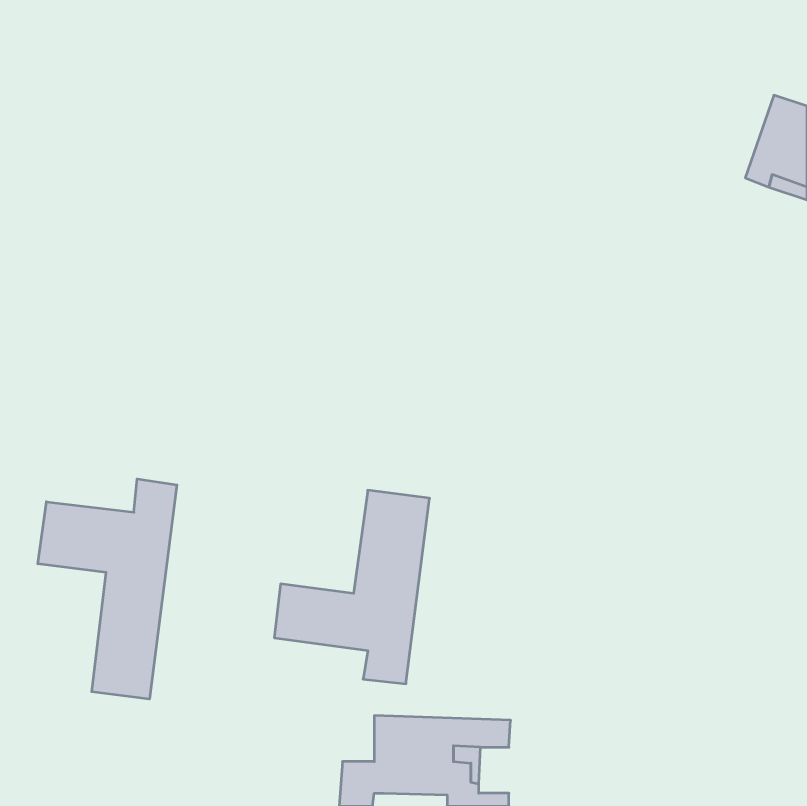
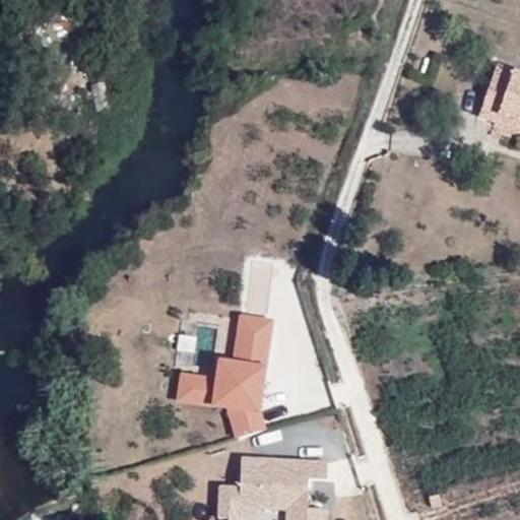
building: [38,479,177,699] -> none

